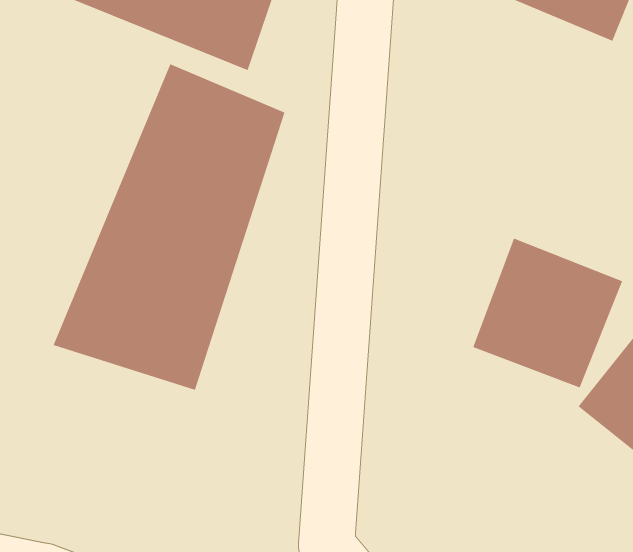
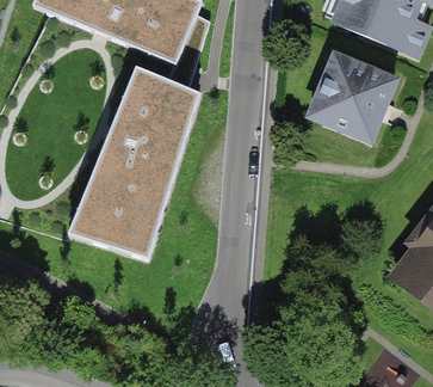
building: [472,238,623,389] -> [310,55,402,147]

